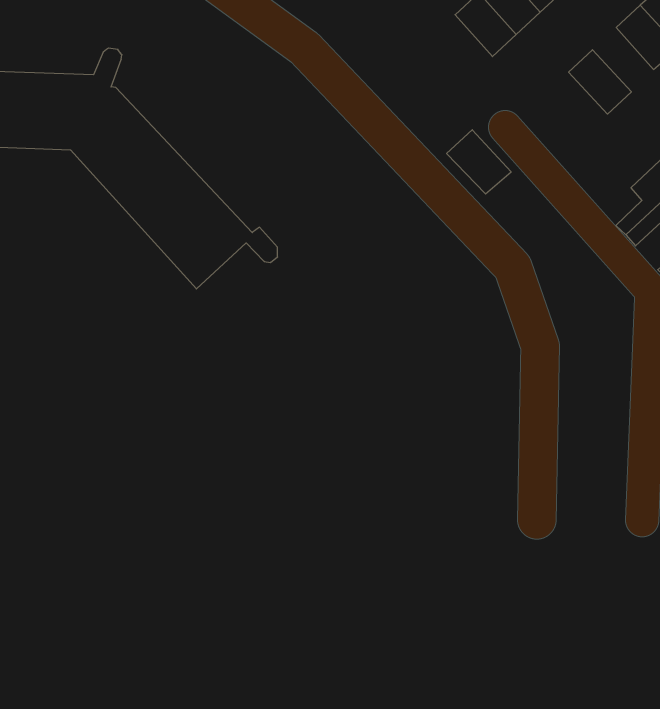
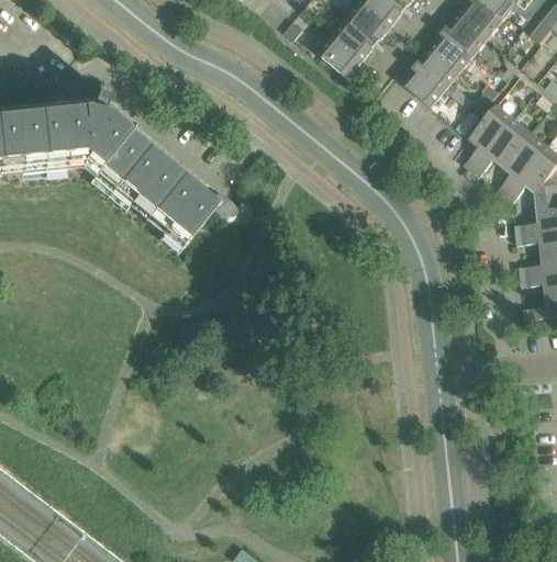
building: none -> [321,30,366,72]
building: none -> [434,23,478,66]
building: [447,130,511,194] -> [404,58,450,101]

